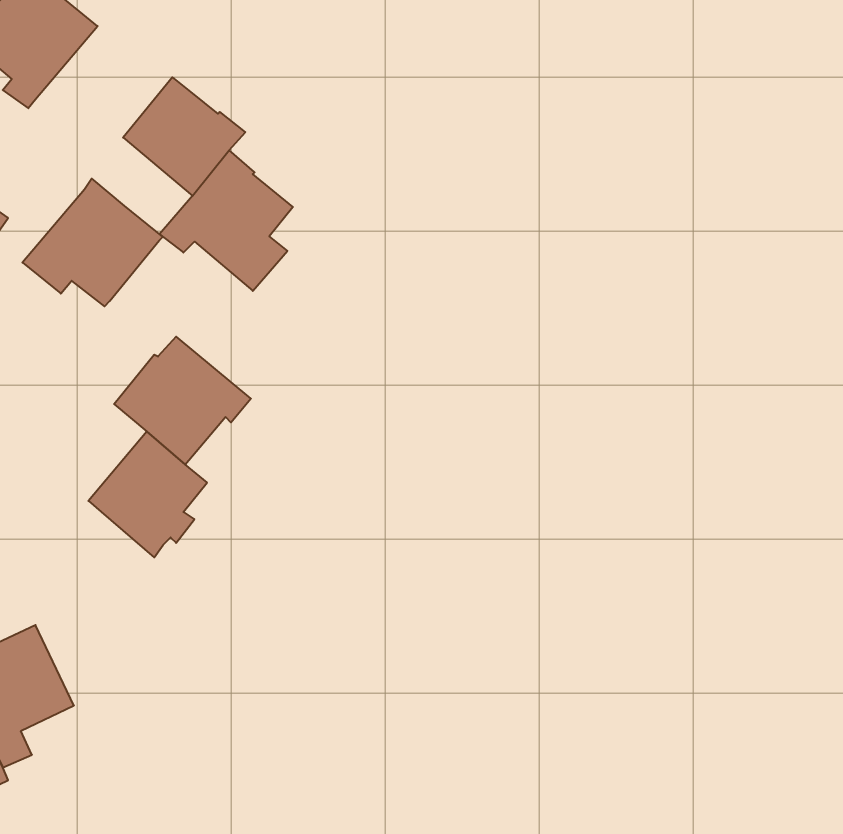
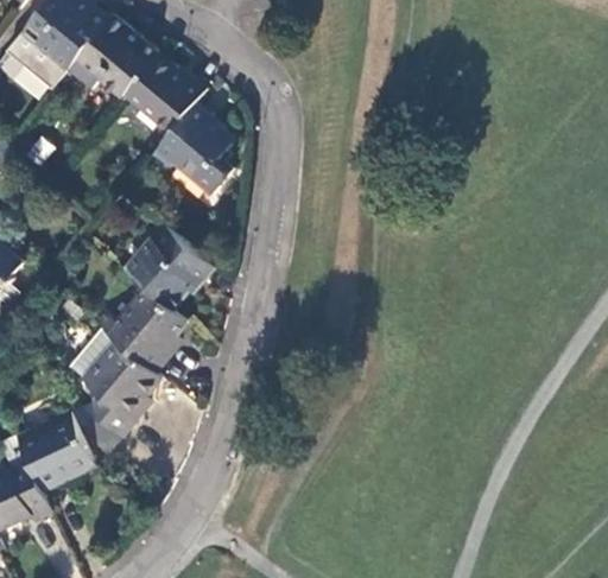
building: [22,179,163,306] -> [69,17,160,100]
building: none -> [78,339,157,436]

